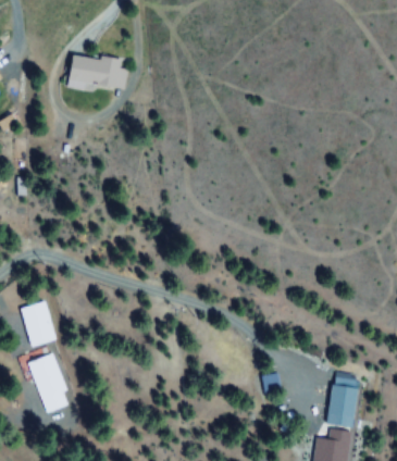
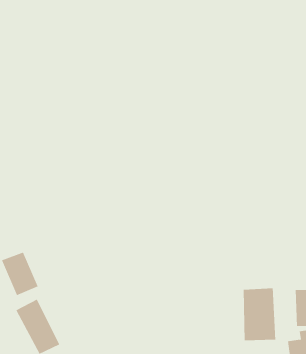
building: [67,54,128,91] -> none
building: none -> [243,287,276,341]

